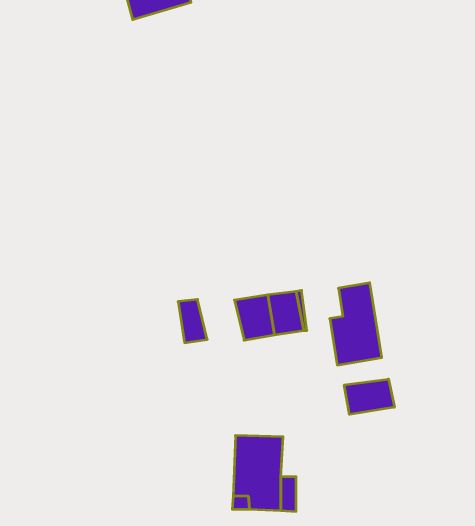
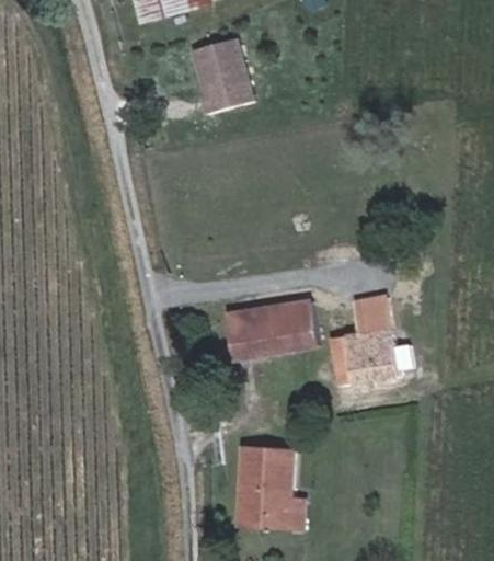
building: none -> [193,34,259,111]
building: [178,299,207,343] -> [221,314,251,358]
building: [344,379,394,414] -> none

